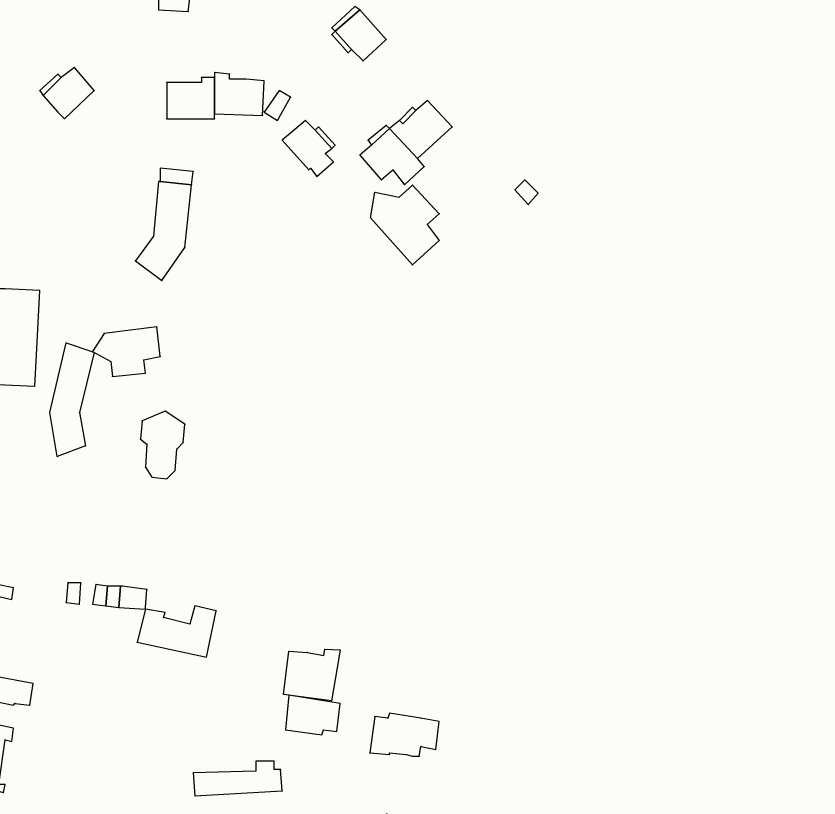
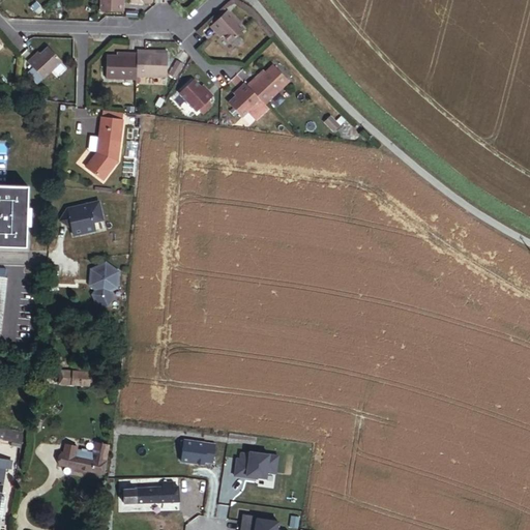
building: [371,185,439,265] -> none
building: [50,343,94,457] -> none
building: [137,606,216,657] -> [59,441,109,473]
building: [283,649,340,701] -> none

